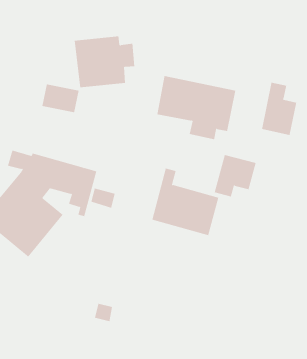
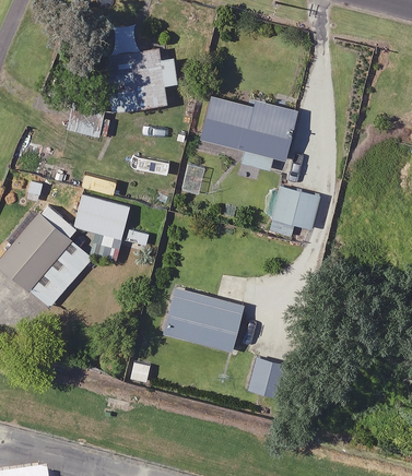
building: [261,82,297,136] -> none
building: [151,168,219,236] -> [163,273,243,353]
building: none -> [247,357,290,398]

